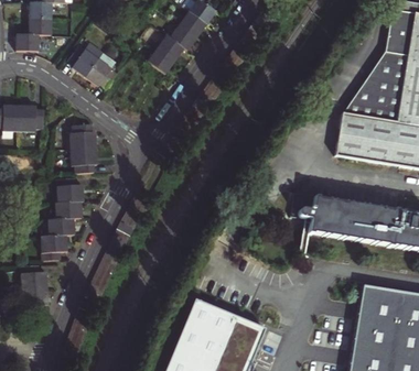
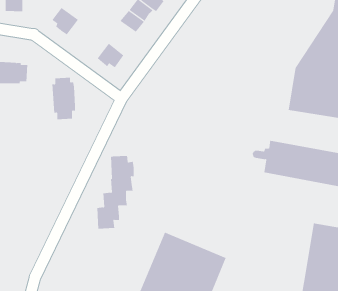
building: [86,57,117,86] -> [97,43,124,68]
building: [39,174,82,258] -> [97,155,134,229]
building: [19,265,46,309] -> none

